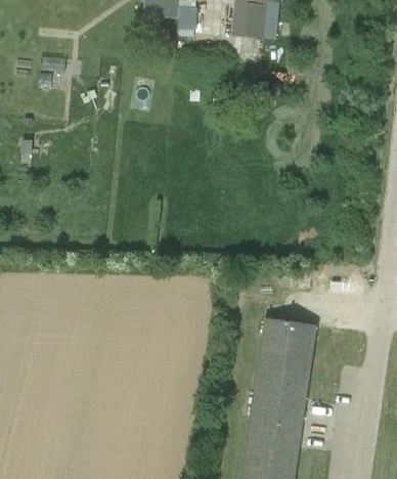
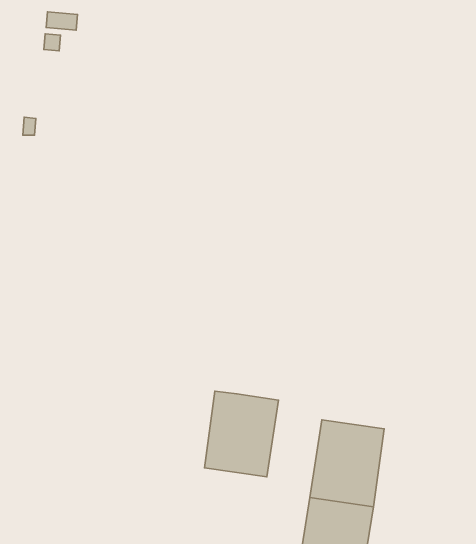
building: [258,318,316,386] -> [205,391,279,477]

